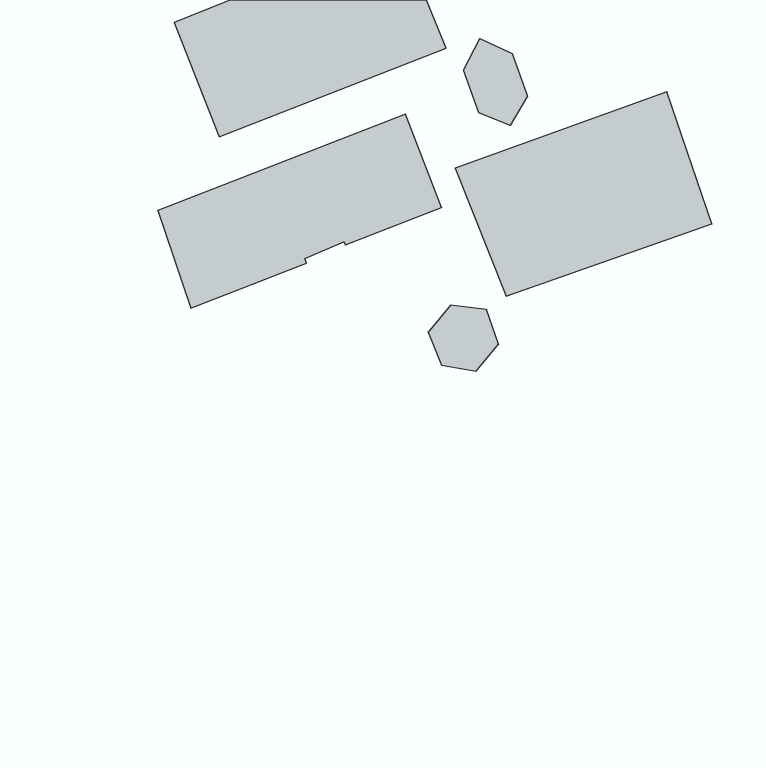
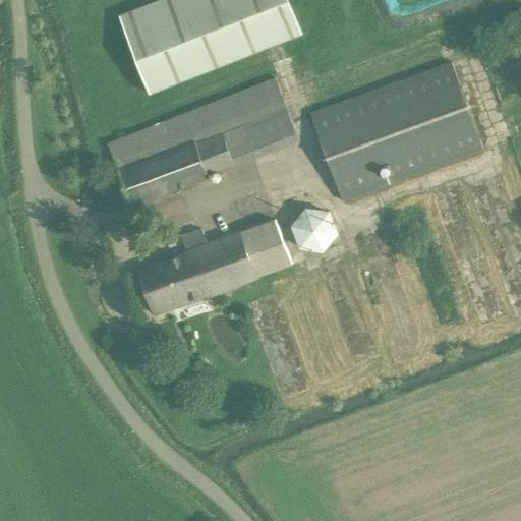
building: [464,39,527,125] -> none
building: none -> [136,218,291,314]

